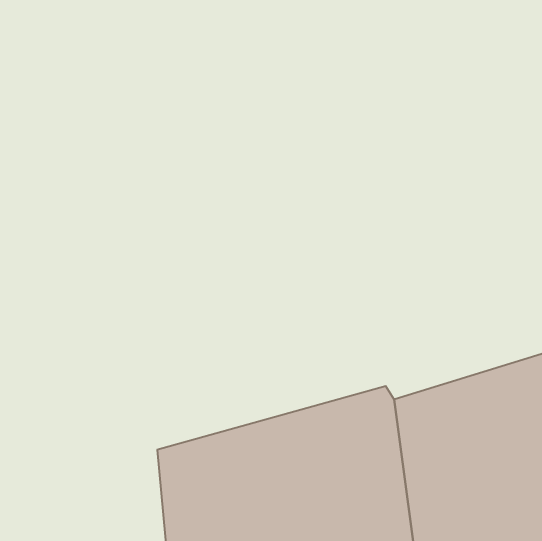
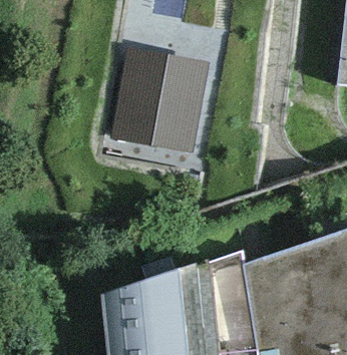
building: none -> [108,45,210,153]

